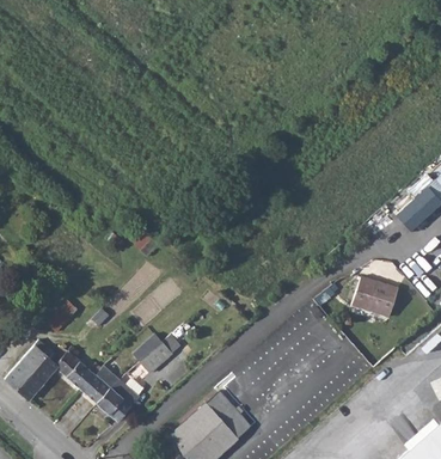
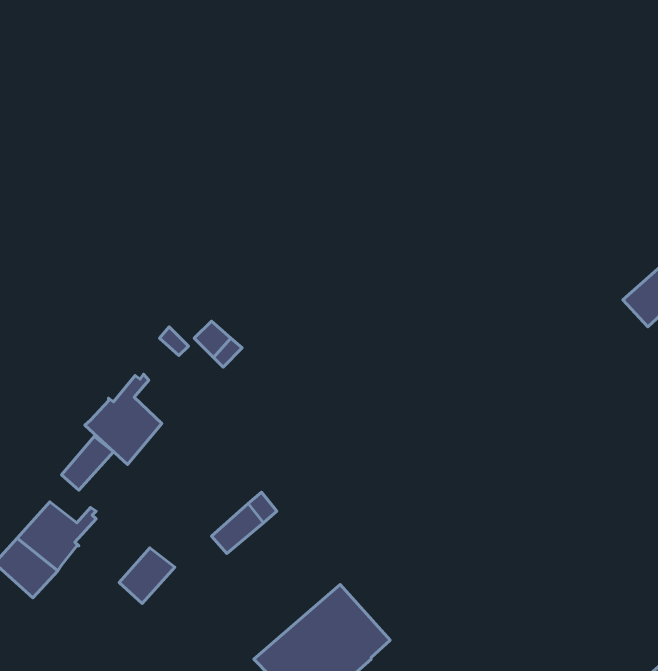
building: none -> [85,374,162,465]
building: [353,276,398,318] -> none
building: [55,347,102,391] -> none
building: [97,380,140,421] -> none

